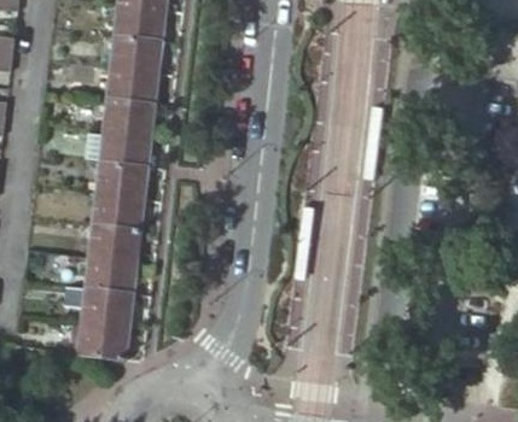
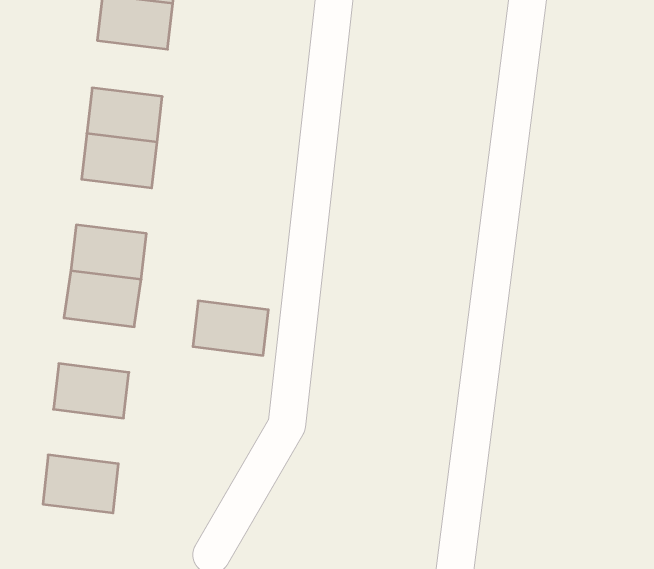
building: [110,34,162,72] -> none
building: [99,129,151,166] -> none
building: [87,224,139,262] -> [193,301,268,355]
building: [80,287,132,324] -> none

